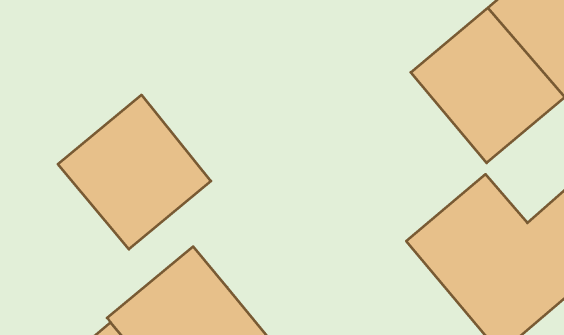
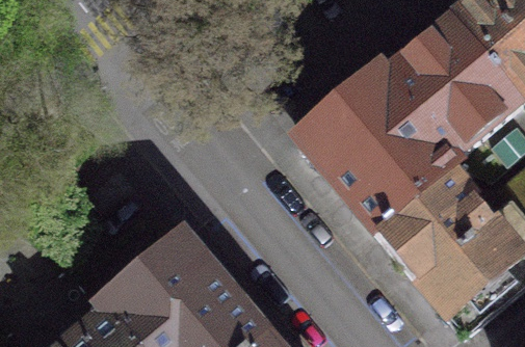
building: none -> [296,66,449,225]
building: [58,95,211,249] -> none

